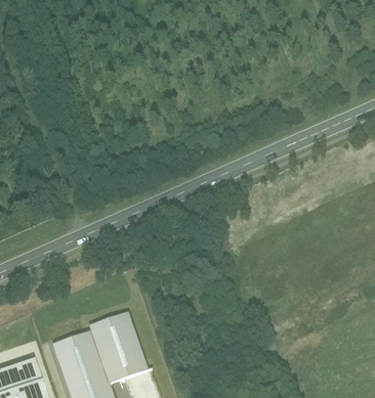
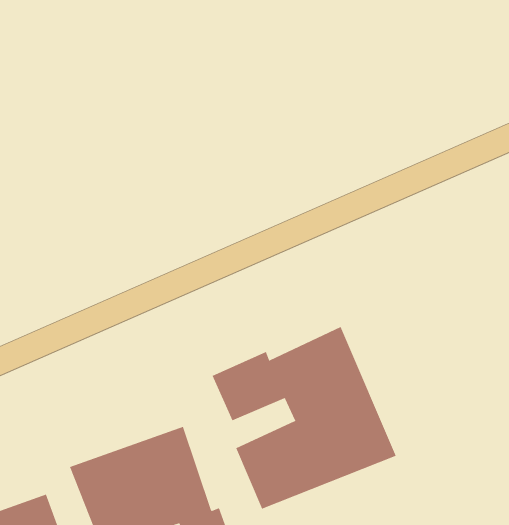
building: none -> [212,326,397,510]

